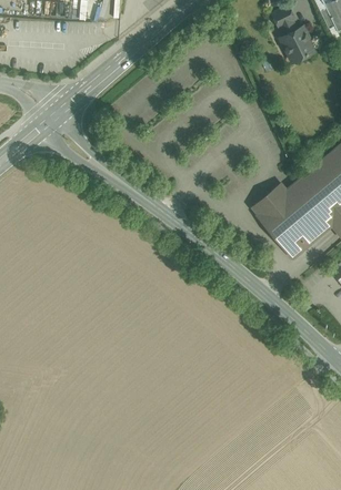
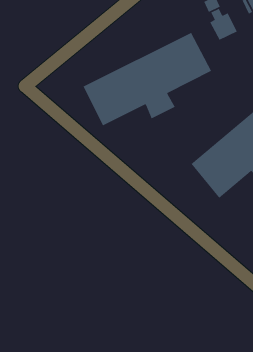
building: none -> [82,32,212,127]

